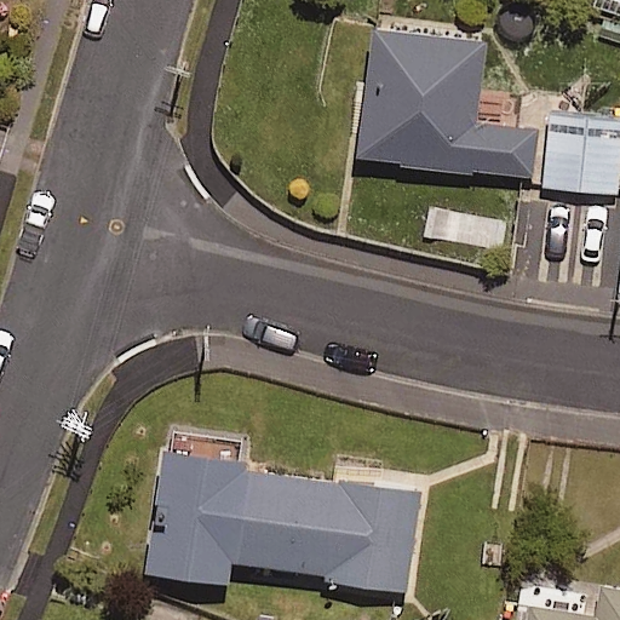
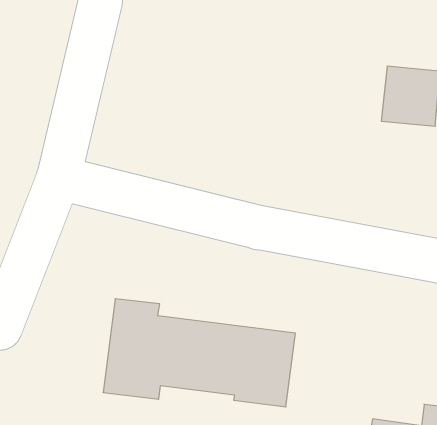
building: [357,27,533,179] -> none

